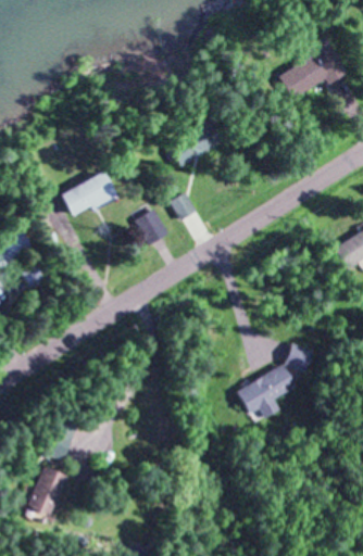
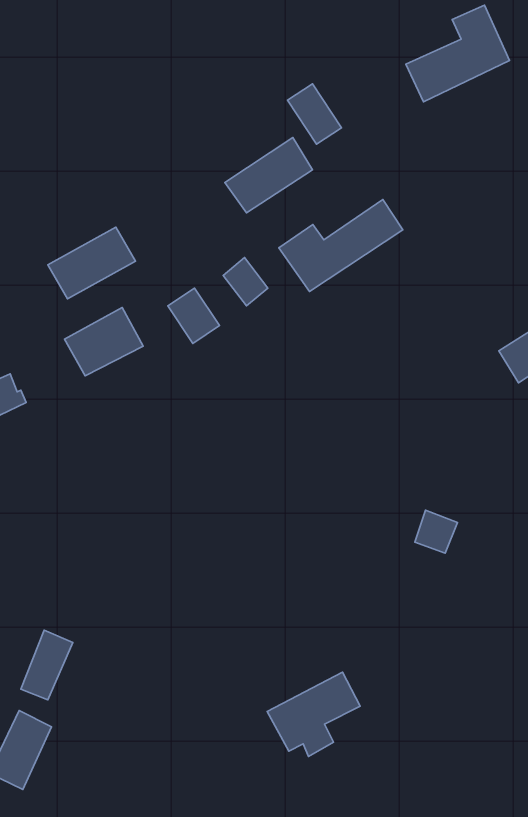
building: none -> [288,84,342,144]
building: none -> [279,200,403,292]
building: none -> [65,308,143,376]
building: [239,367,296,418] -> [267,672,360,756]

